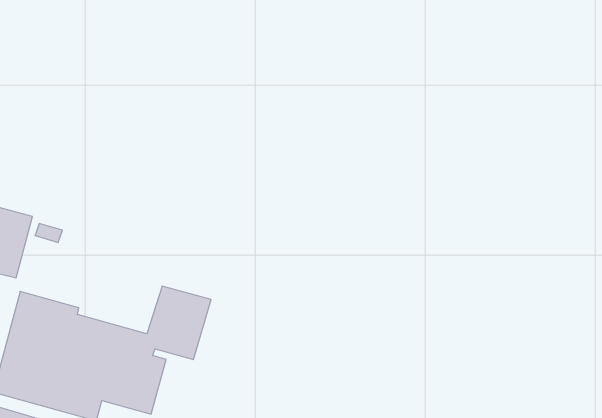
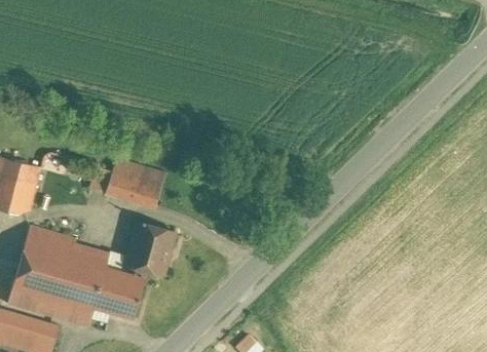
building: none -> [88,159,164,208]

